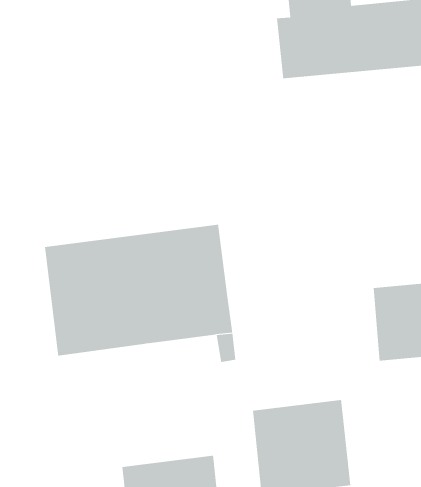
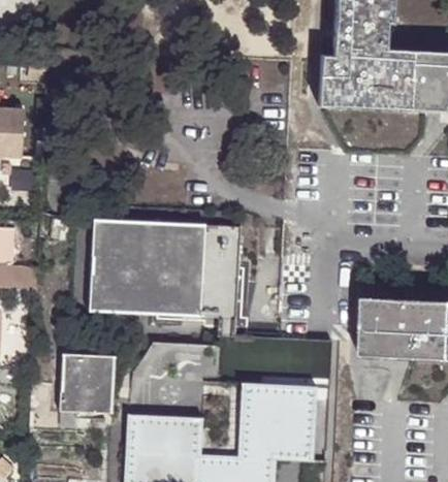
building: none -> [62,353,118,412]

